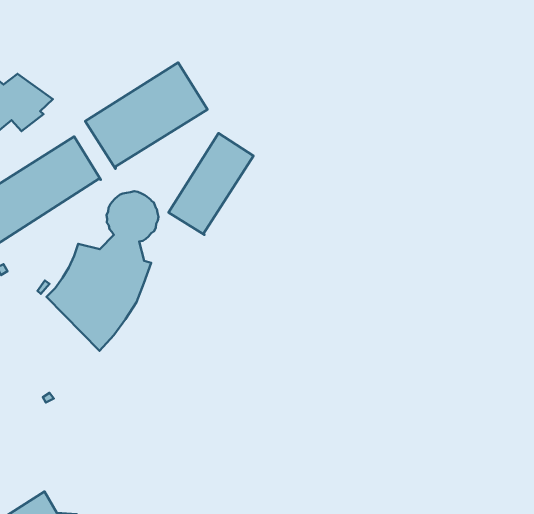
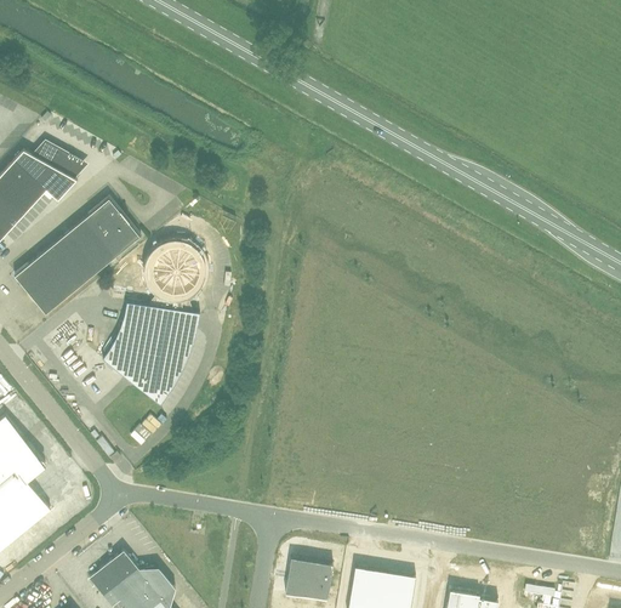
building: [85,62,207,169] -> none
building: [168,133,253,235] -> none

